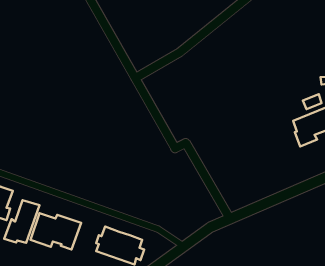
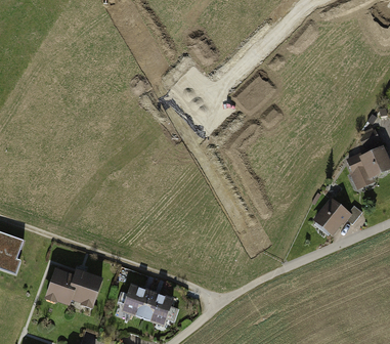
building: none -> [311,198,363,235]
building: [4,200,40,243] -> none

